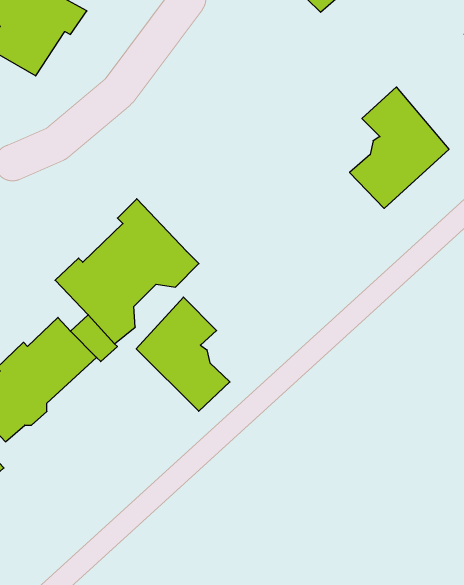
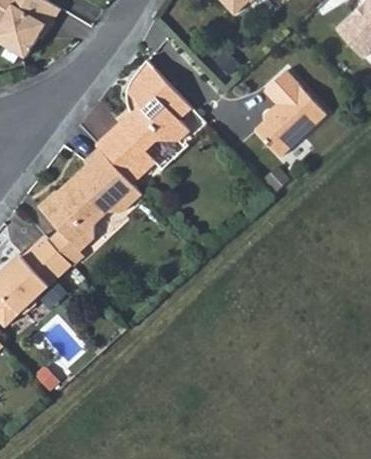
building: none -> [96,59,195,185]
building: [136,297,230,411] -> none

